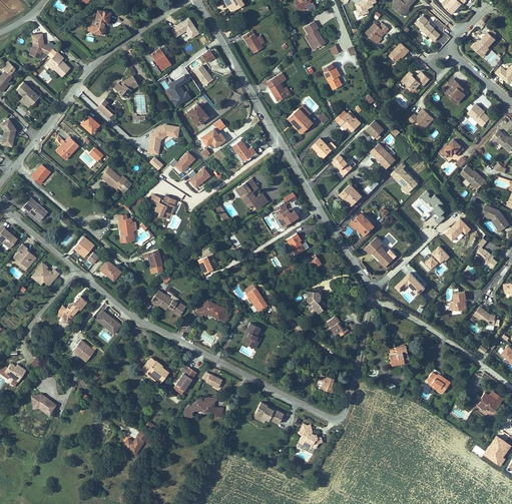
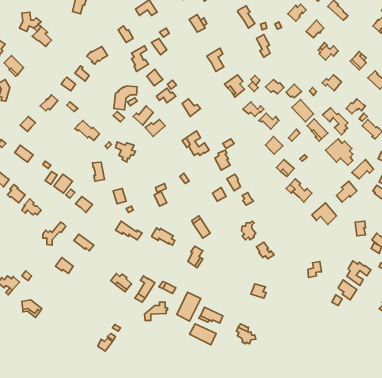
building: none -> [323,108,348,135]
building: none -> [347,261,371,286]
building: none -> [177,292,201,321]
building: none -> [190,324,216,345]

